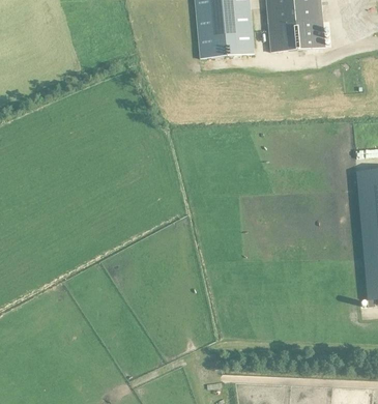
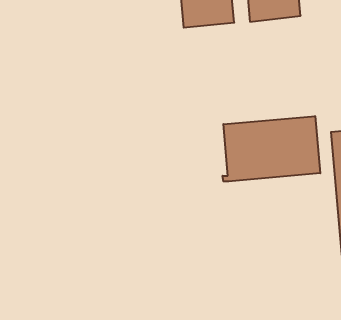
building: none -> [223,116,320,181]

